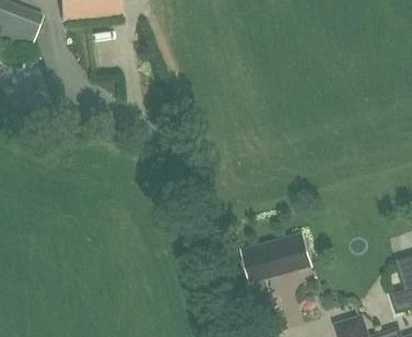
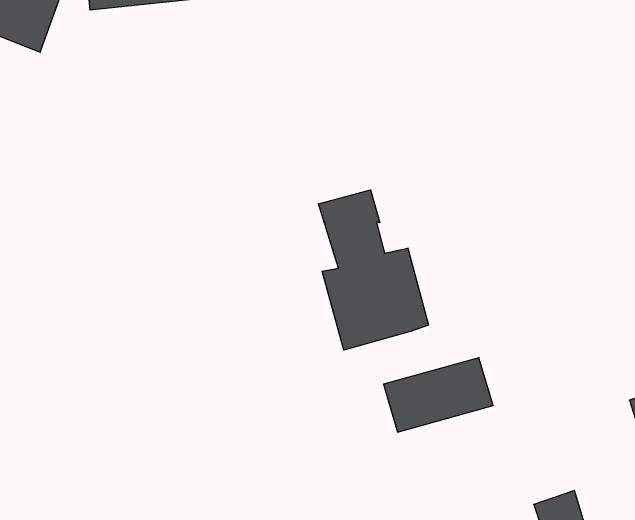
building: none -> [319,190,429,350]

